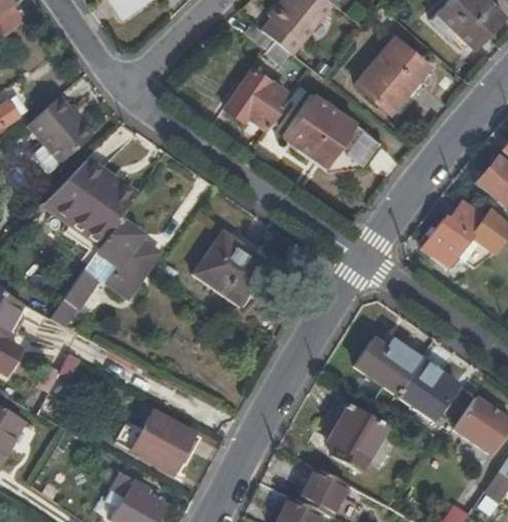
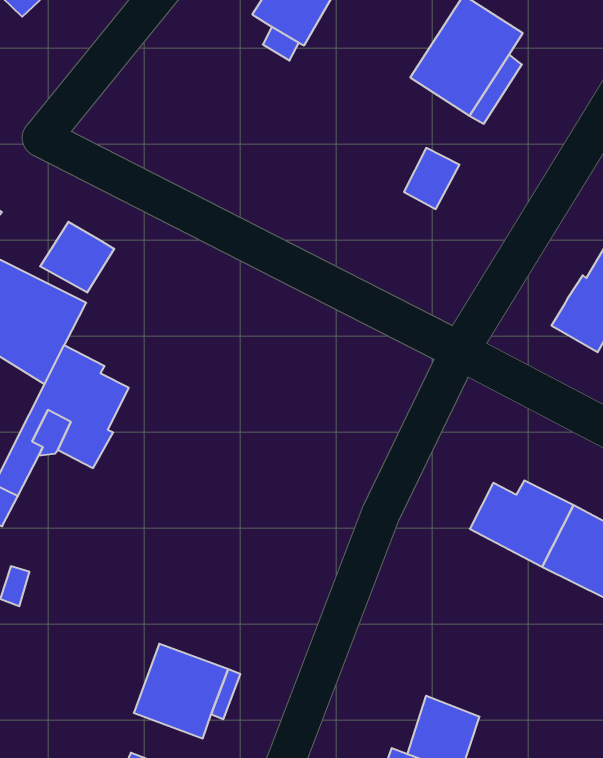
building: [225,67,286,126] -> none
building: [280,87,358,165] -> none
building: none -> [40,222,114,293]
building: [192,230,268,307] -> none
building: [328,404,389,471] -> none

